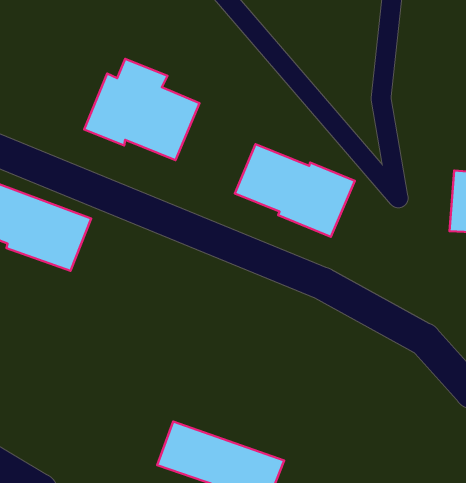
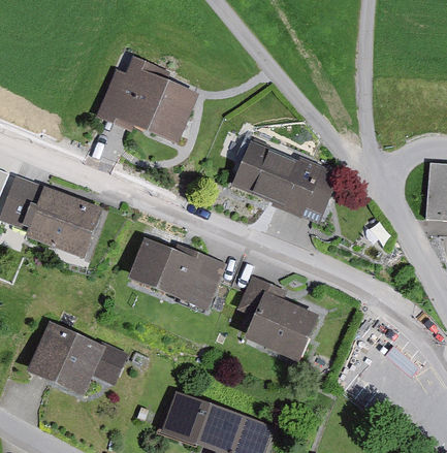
building: none -> [125,234,227,311]
building: none -> [236,276,319,360]
building: none -> [27,320,129,394]

